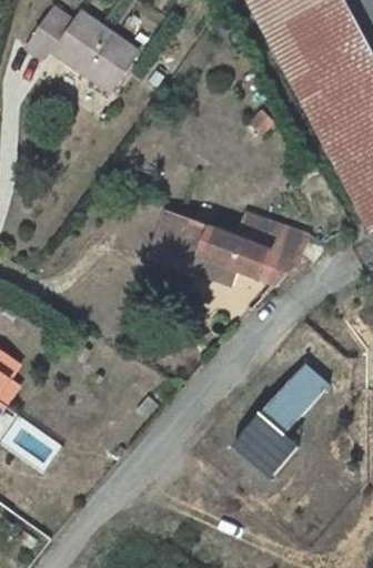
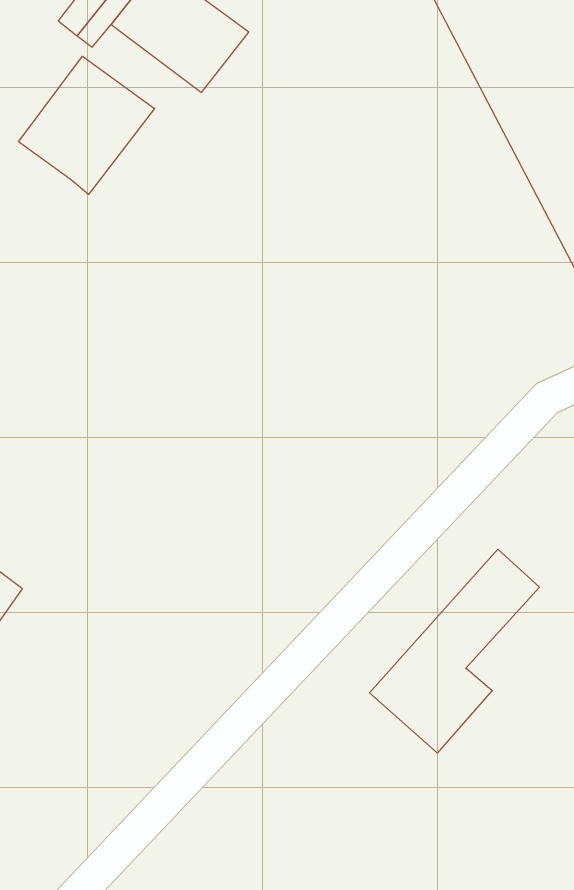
building: none -> [19,56,155,194]
building: [159,200,311,286] -> none

